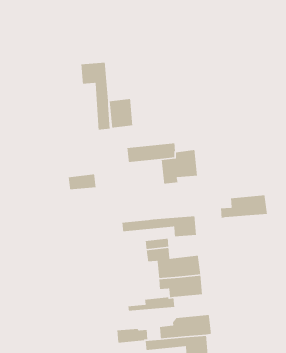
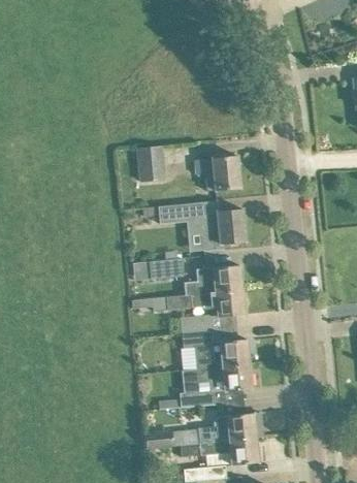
building: [80,62,110,130] -> none
building: none -> [193,156,239,191]
building: [68,173,96,190] -> [148,258,183,279]
building: [220,195,268,219] -> [183,265,241,295]

